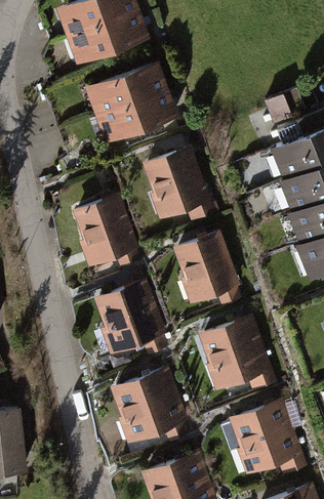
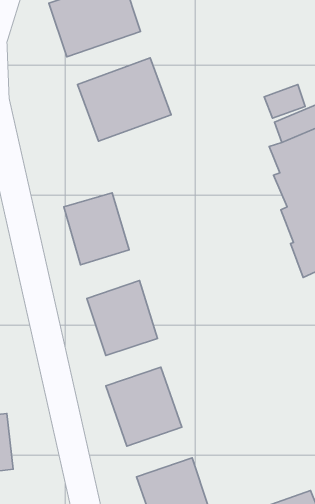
building: [141,145,209,221] -> none
building: [175,231,241,302] -> none
building: [201,316,273,390] -> none
building: [232,400,302,474] -> none

